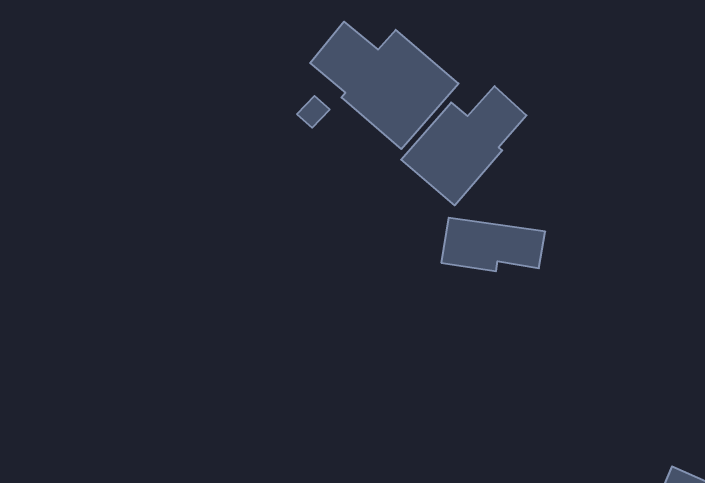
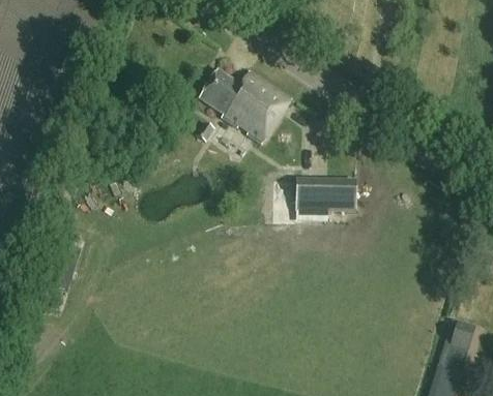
building: [401,86,527,205] -> none

